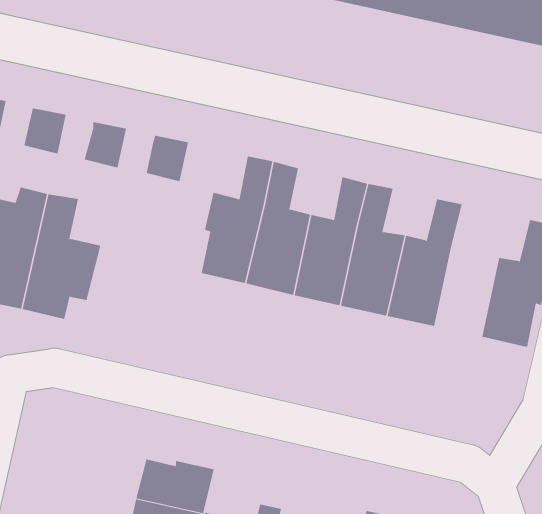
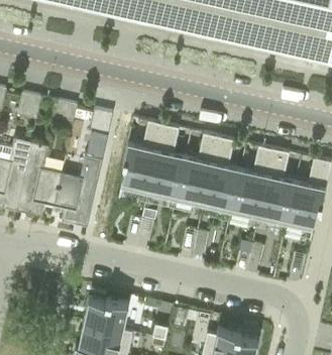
building: none -> [257,149,295,227]
building: none -> [53,154,103,227]

